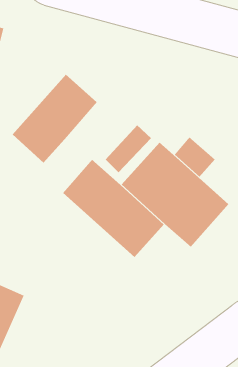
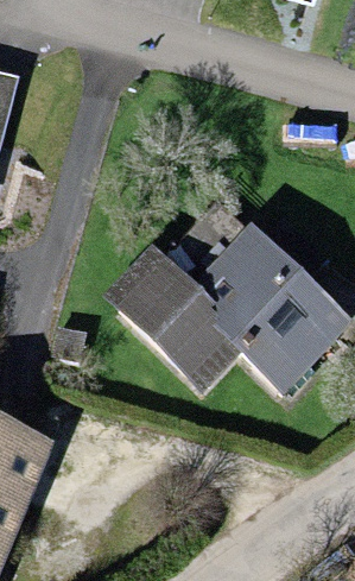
building: [12,74,97,163] -> none

